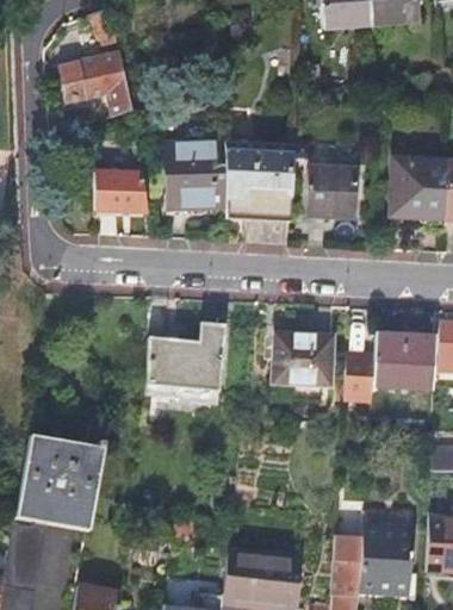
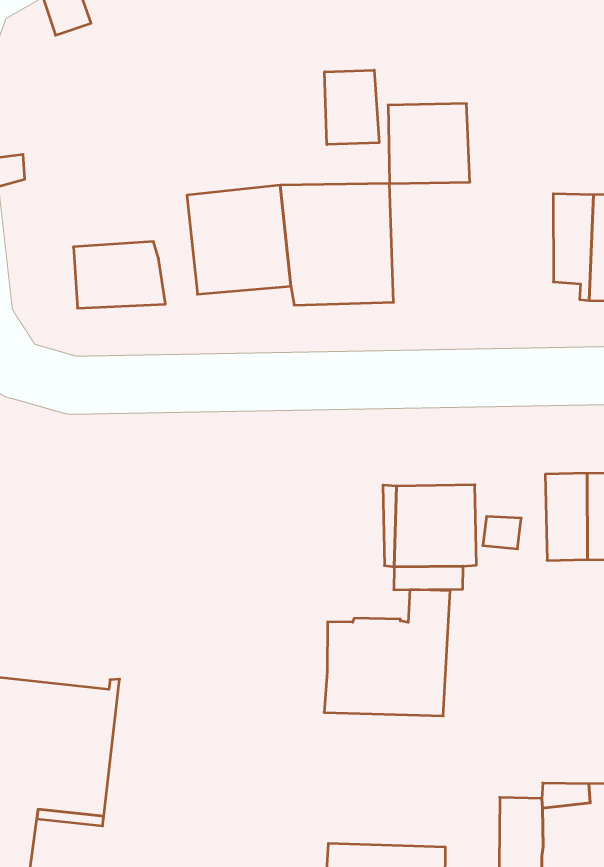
building: [61,54,132,116] -> none
building: none -> [325,70,379,145]
building: [305,164,356,216] -> [388,104,470,184]
building: [144,322,228,402] -> [324,590,450,716]

